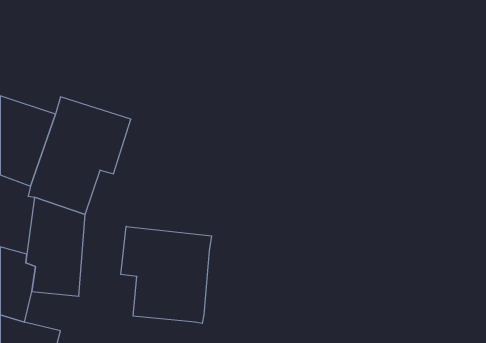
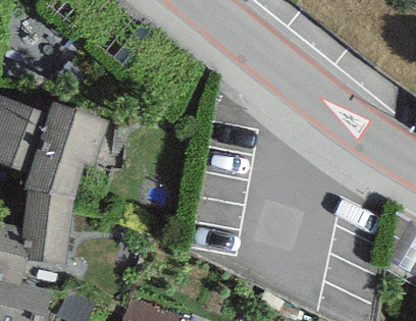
building: [121,226,212,323] -> none

